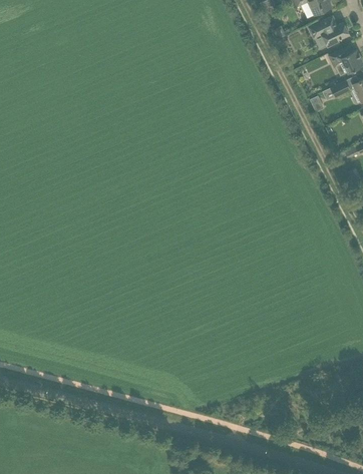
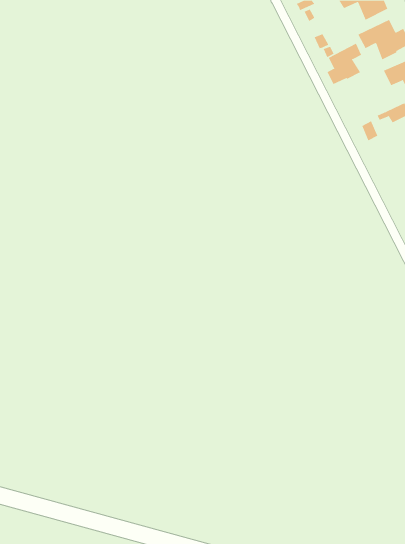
building: none -> [327,43,362,85]

